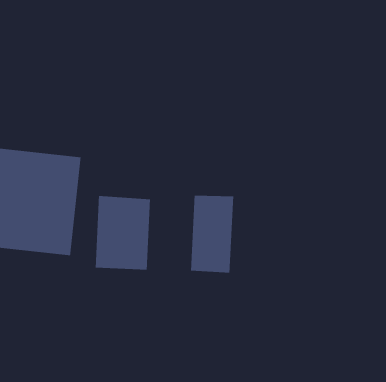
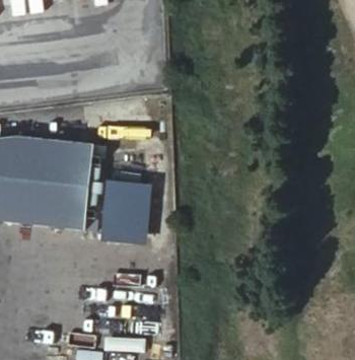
building: [190,195,234,273] -> none

